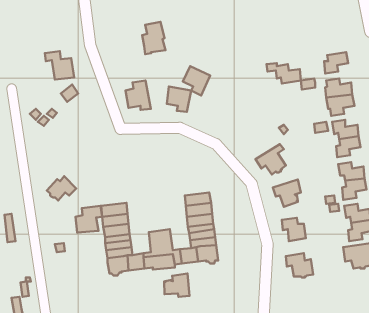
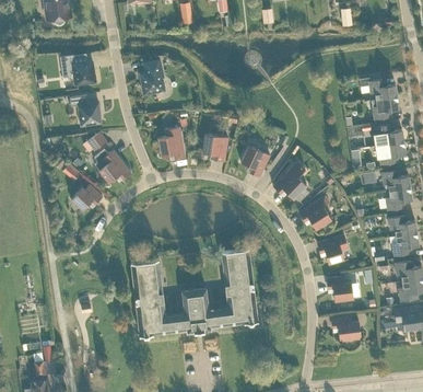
building: none -> [60,55,96,84]
building: [142,22,165,54] -> [140,59,165,94]
building: [267,63,301,83] -> [360,77,397,99]
building: [183,66,210,96] -> [240,145,270,176]
building: none -> [94,148,130,182]
building: none -> [273,160,306,198]
building: [47,176,76,201] -> [71,183,103,209]
building: [75,206,102,233] -> none
building: [164,273,189,297] -> none

